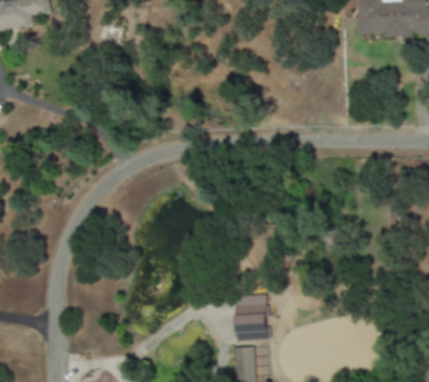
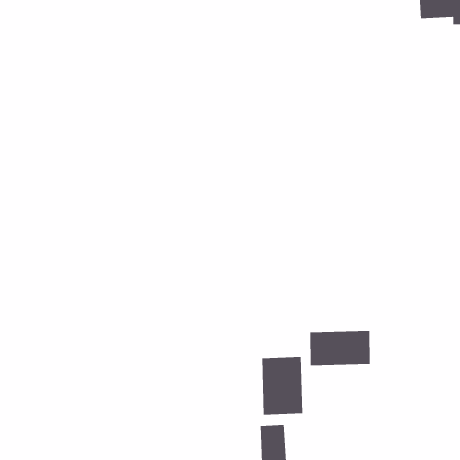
building: none -> [310,330,370,366]

